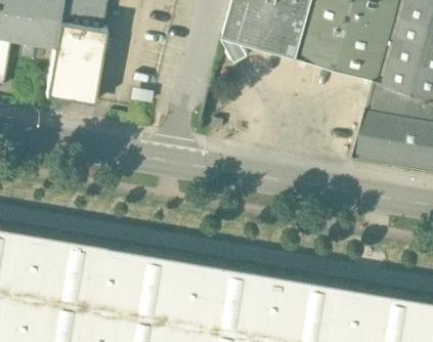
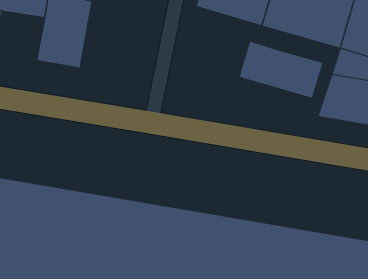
building: none -> [240,41,323,99]

